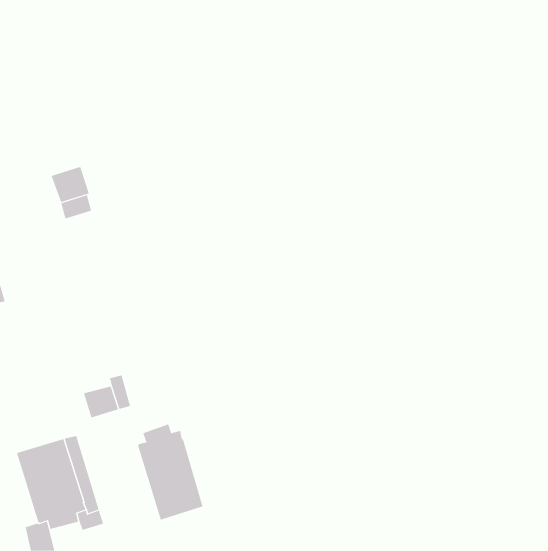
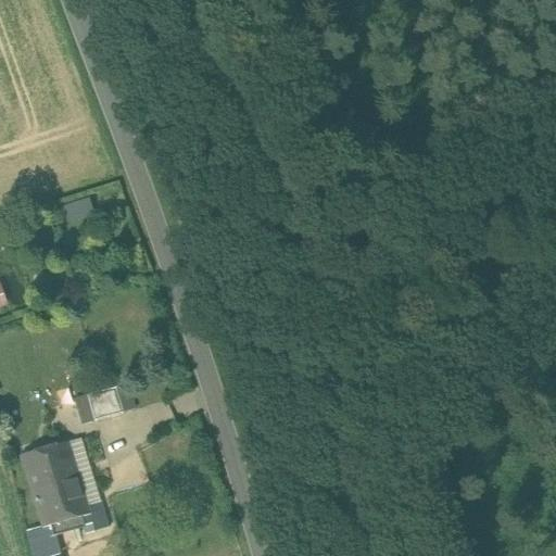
building: [51,166,90,203] -> none
building: [137,424,203,521] -> none

